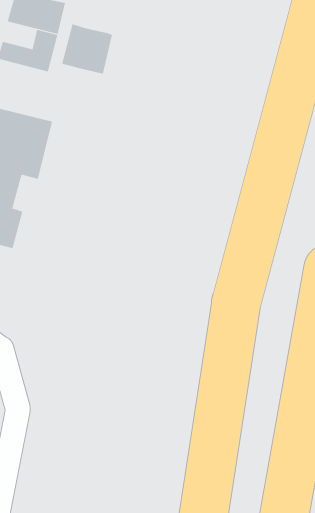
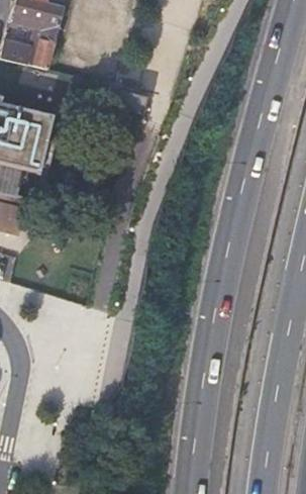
building: [61,23,112,75] -> none

